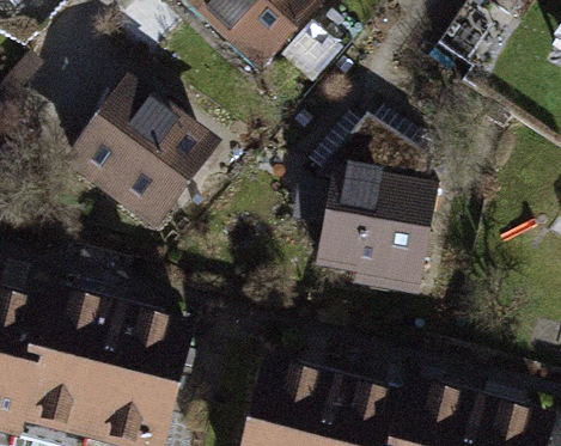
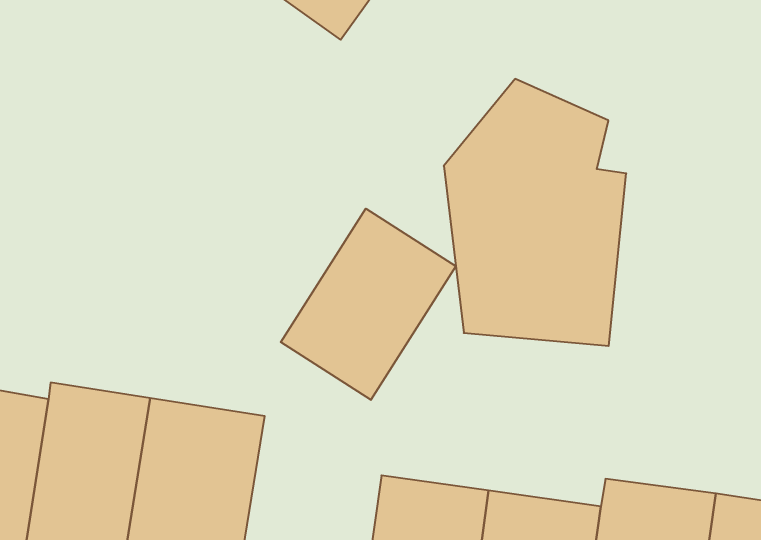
building: [67,73,226,230] -> none
building: none -> [281,209,456,400]

